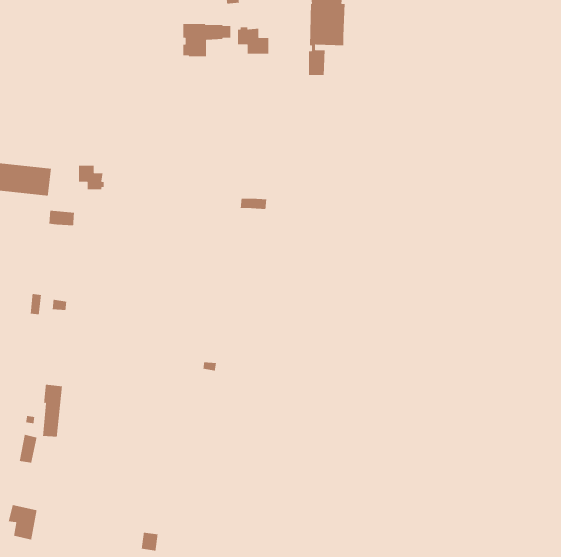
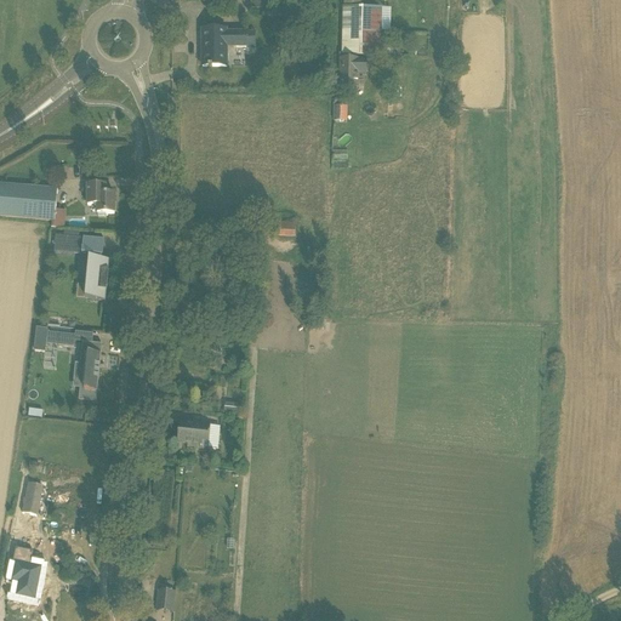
building: [237,27,269,55] -> none
building: none -> [80,234,108,297]
building: none -> [177,418,210,444]
building: [42,384,63,438] -> [78,338,101,398]

